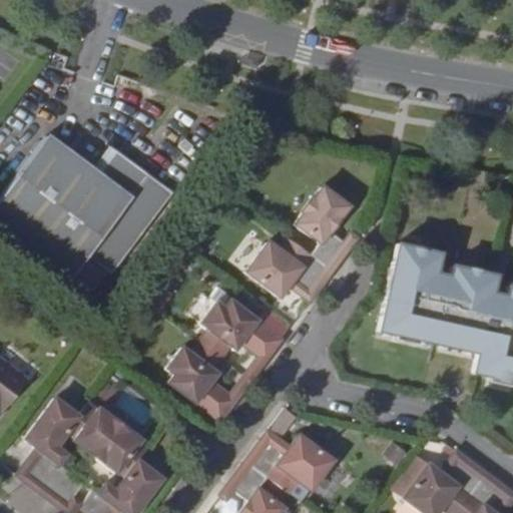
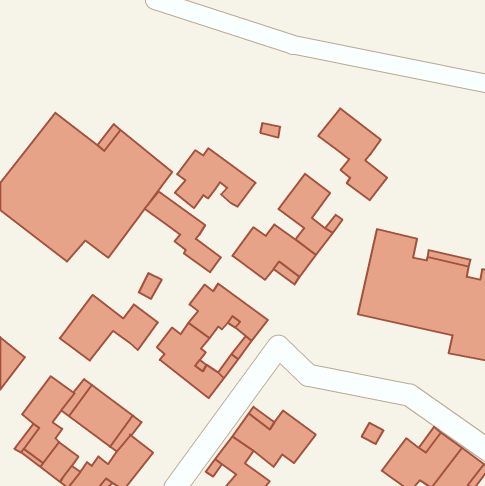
building: none -> [318,108,387,200]
building: none -> [175,148,256,208]
building: none -> [145,191,221,272]
building: none -> [60,295,158,361]

